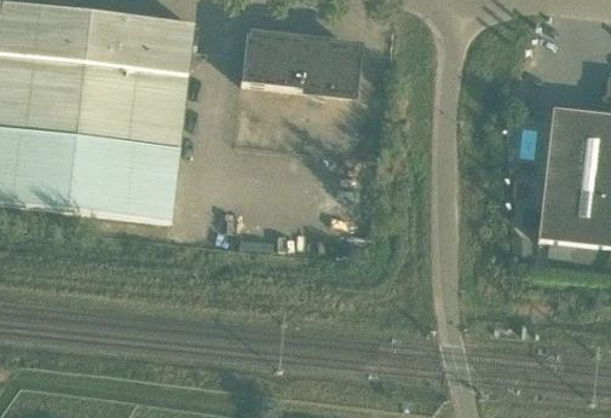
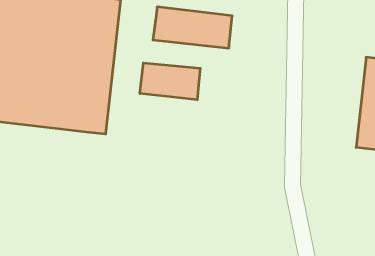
building: none -> [140,63,200,100]

